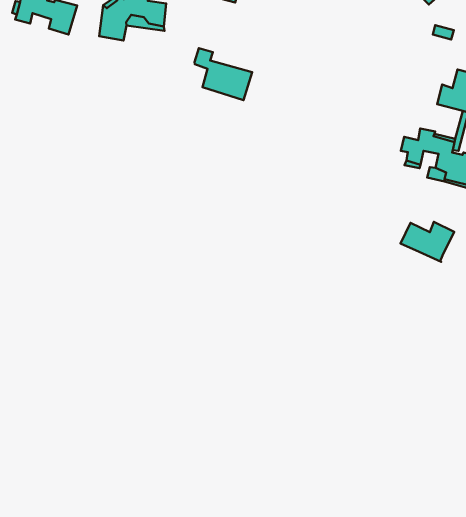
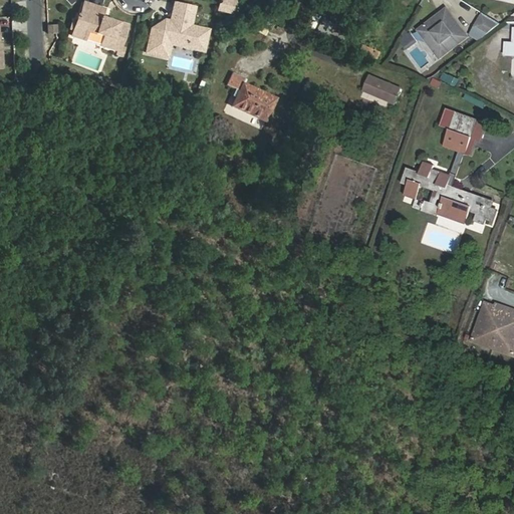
building: none -> [363,74,394,98]
building: [401,222,454,262] -> none

